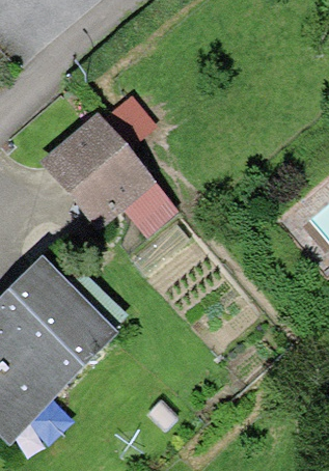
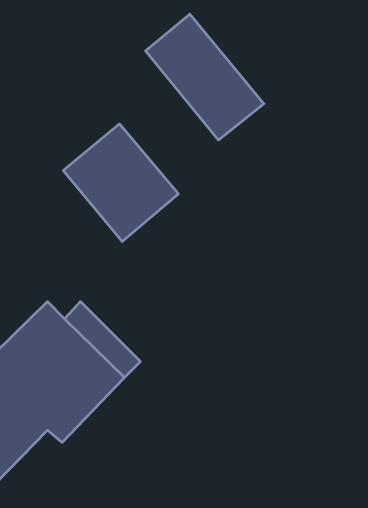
building: none -> [146,14,264,140]

